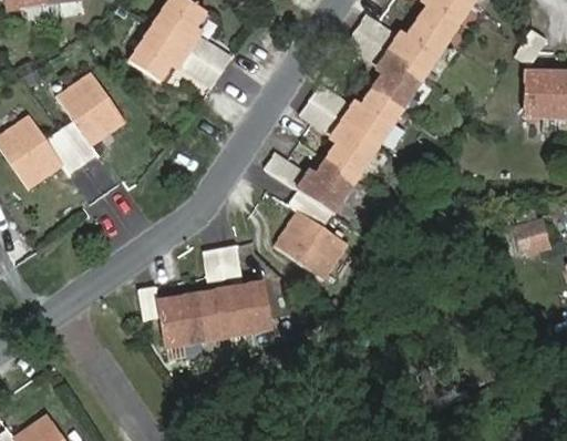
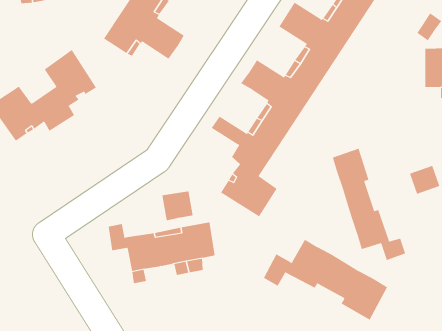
building: none -> [332,148,406,261]
building: none -> [263,239,388,320]

